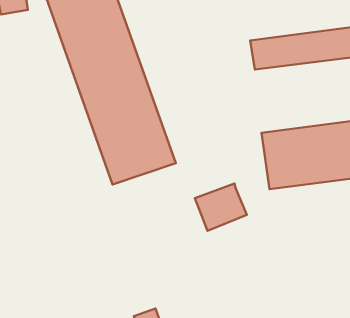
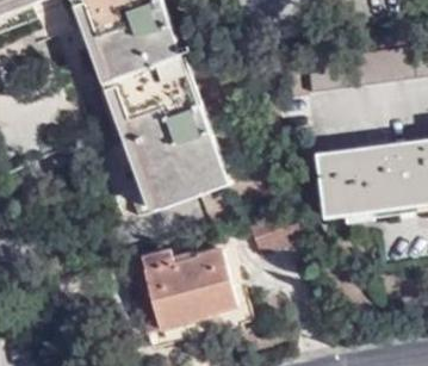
building: none -> [131,248,249,331]

